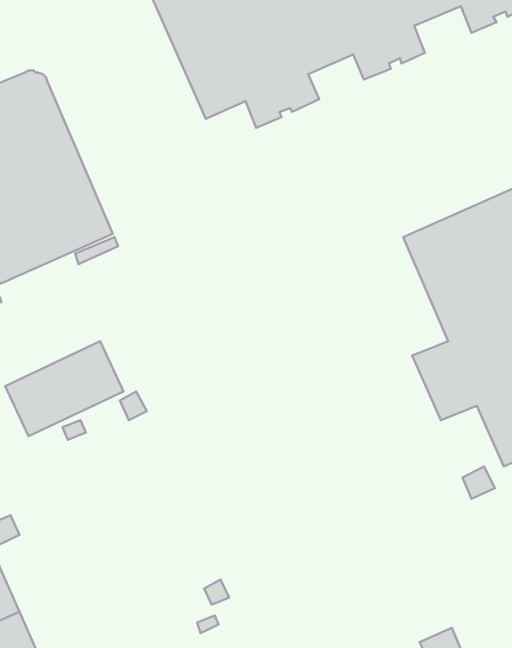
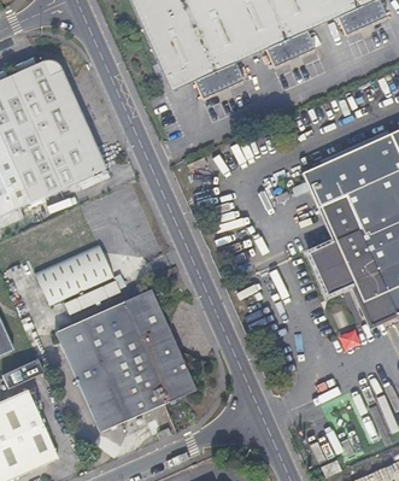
building: none -> [53,287,194,432]

